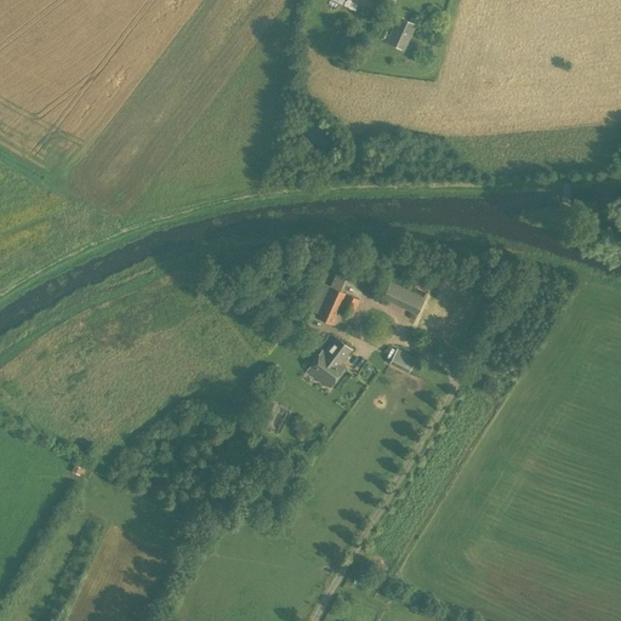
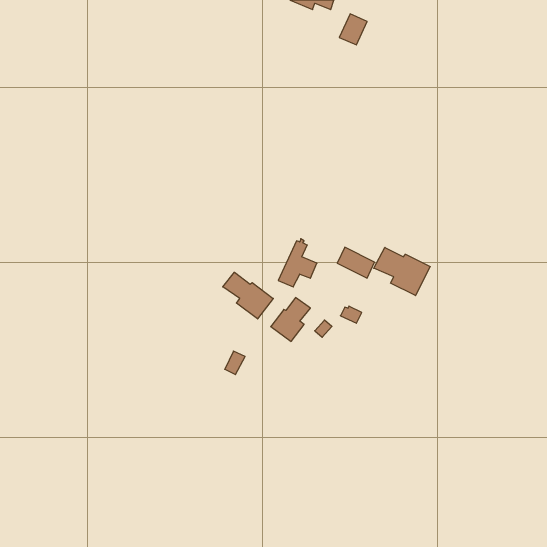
building: none -> [374,247,430,296]
building: none -> [223,272,273,319]

